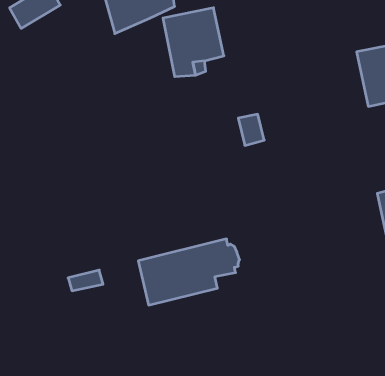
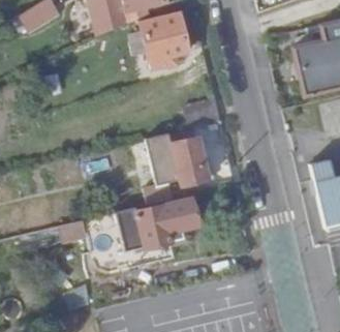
building: none -> [147,131,208,203]

